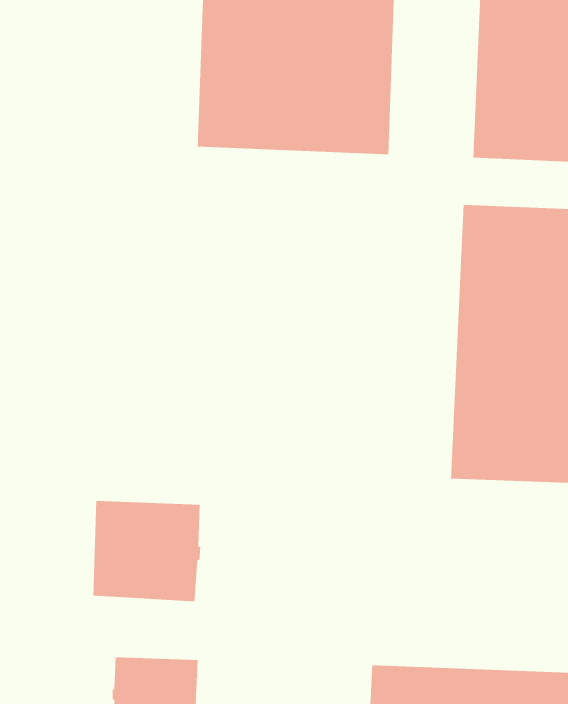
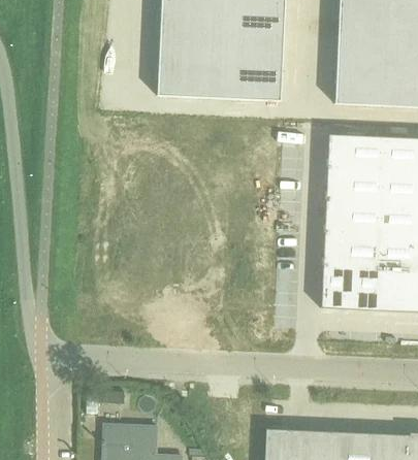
building: [93,500,201,602] -> none

